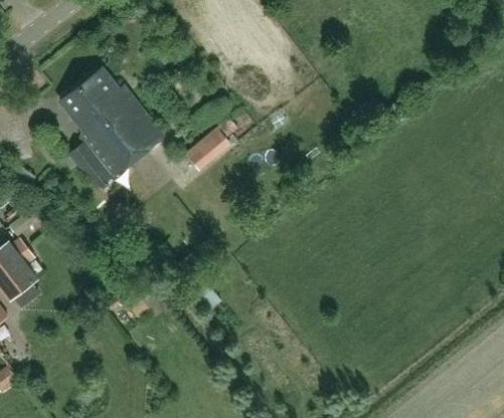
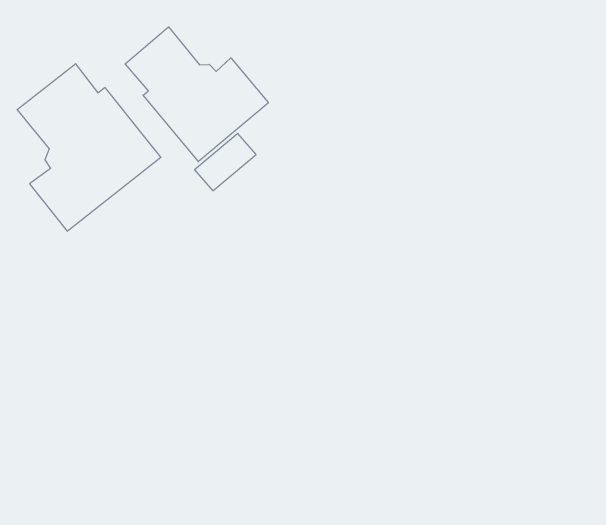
building: none -> [125,27,268,162]

